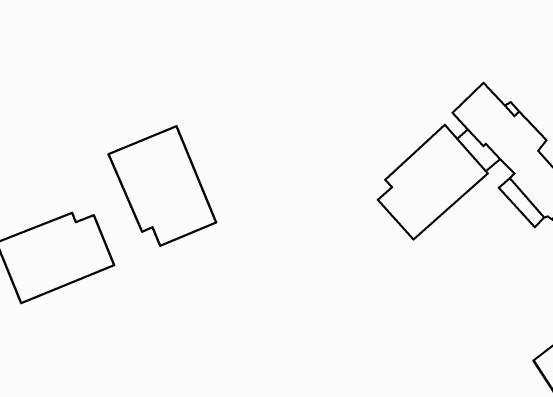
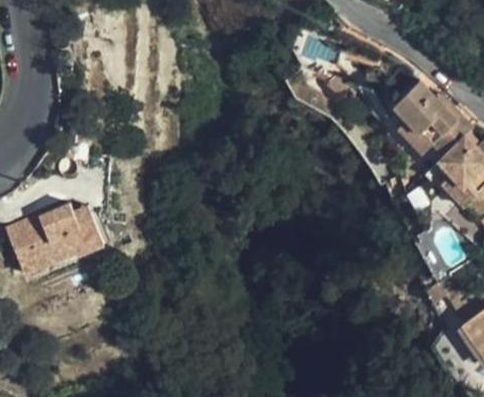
building: [378,125,488,240] -> none
building: [108,126,216,246] -> none

